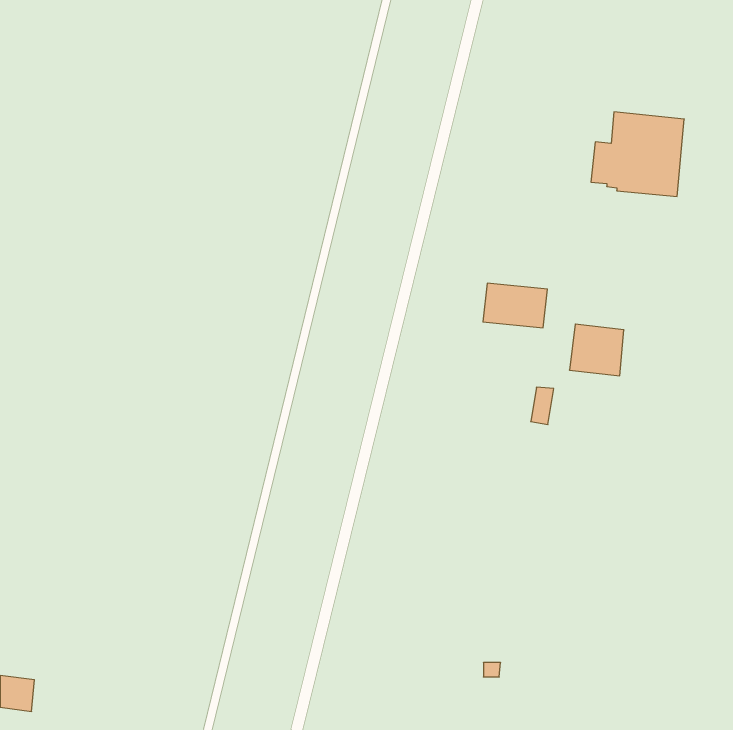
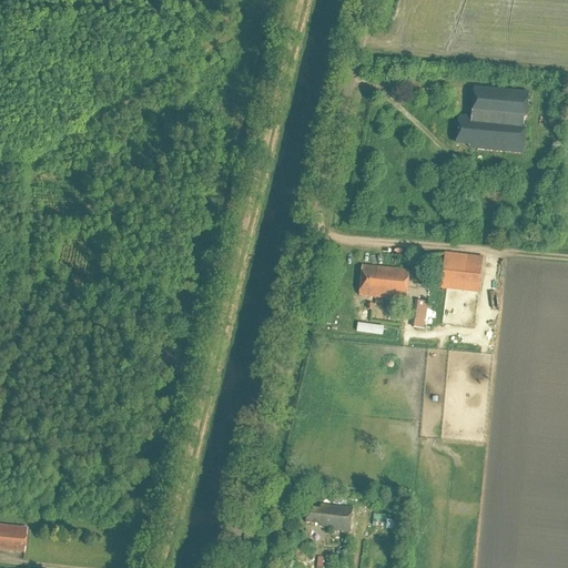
building: [483,283,547,328] -> [359,264,409,298]
building: none -> [306,503,353,530]

